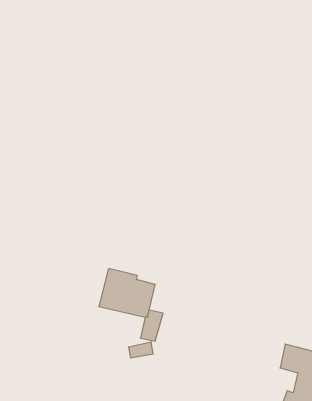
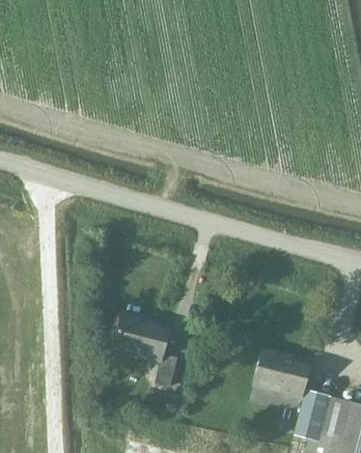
building: none -> [252,349,311,400]

